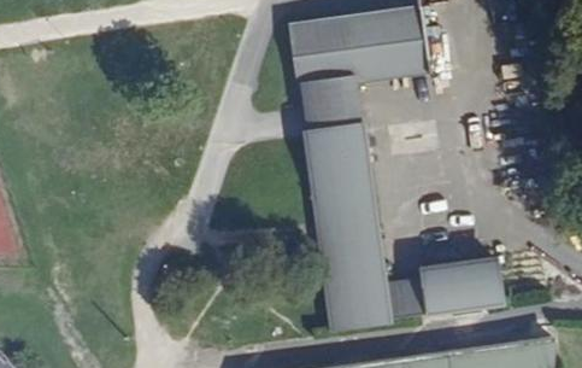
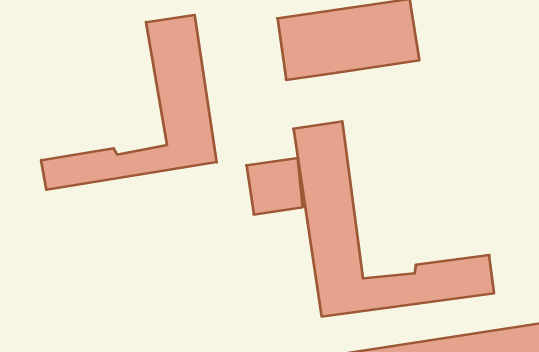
building: none -> [41,15,217,190]
building: [299,84,354,140] -> [246,158,303,214]

